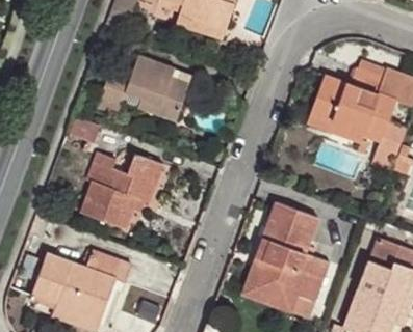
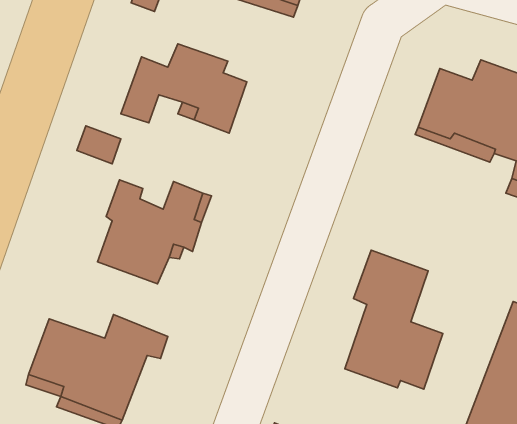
building: [242,238,294,309] -> none

